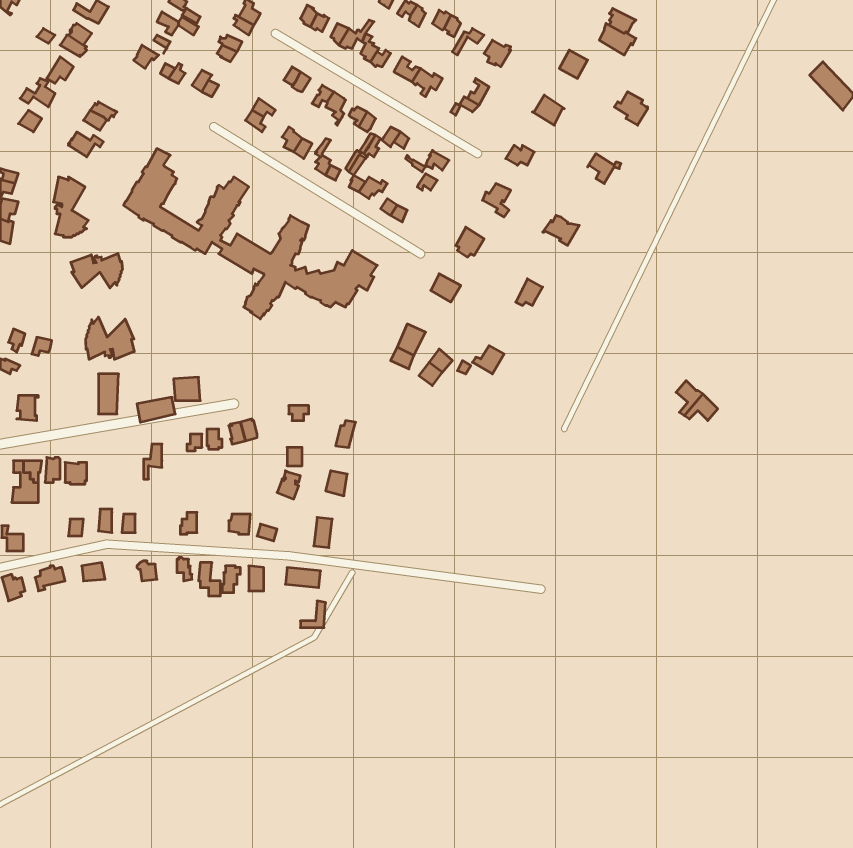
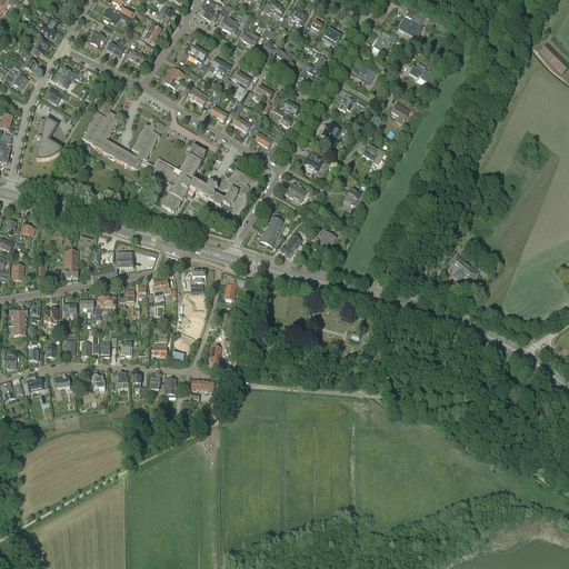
building: [71,253,122,288] -> none
building: [86,317,134,359] -> none

